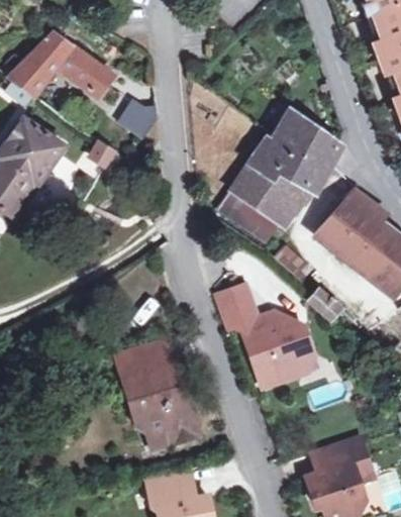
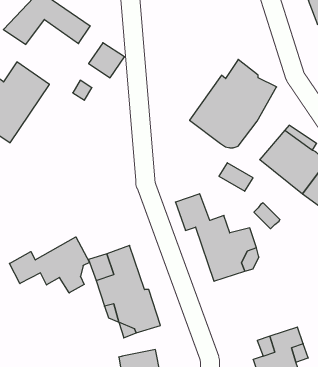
building: [216,190,276,241] -> none
building: none -> [9,237,90,293]

